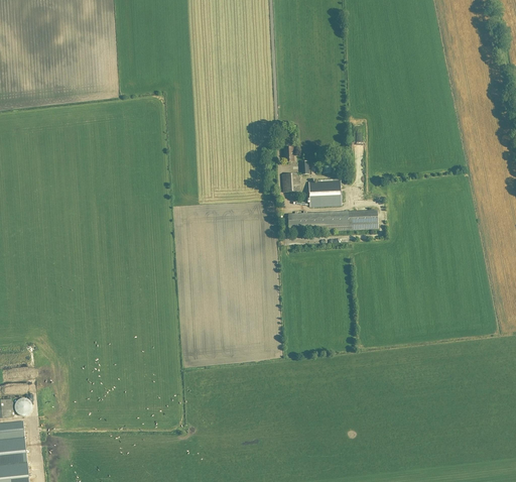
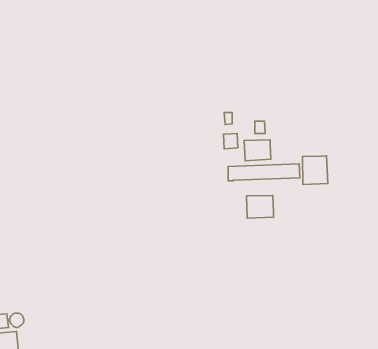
building: none -> [303,156,328,184]
building: none -> [247,195,274,218]

